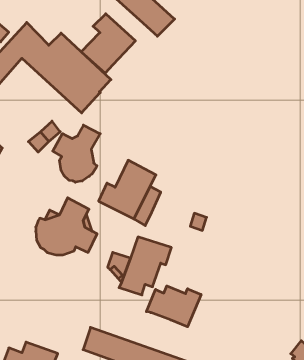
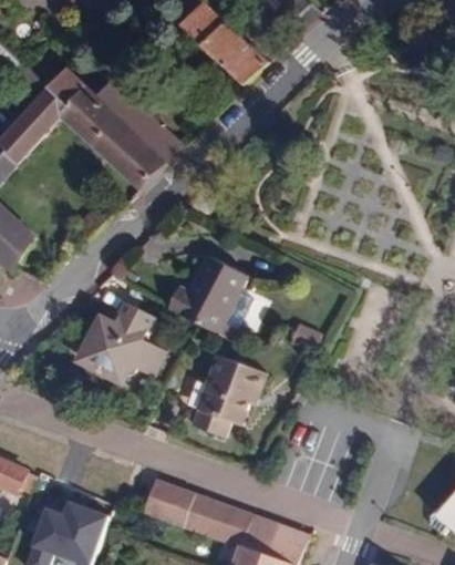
building: [81,14,135,73] -> none
building: [53,125,100,182] -> none
building: [146,286,201,327] -> none

